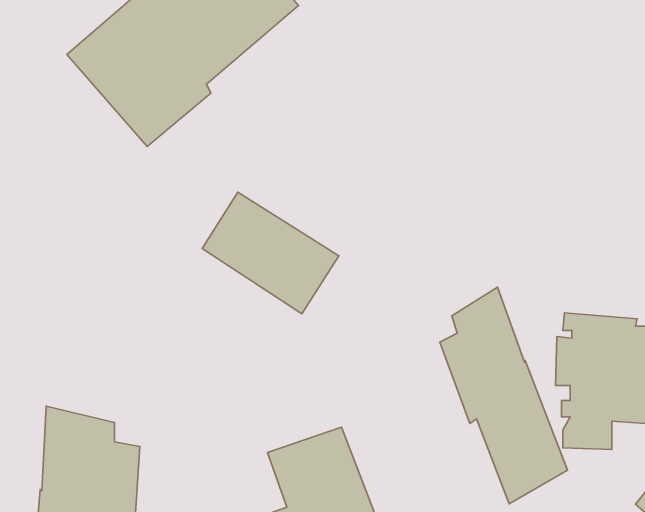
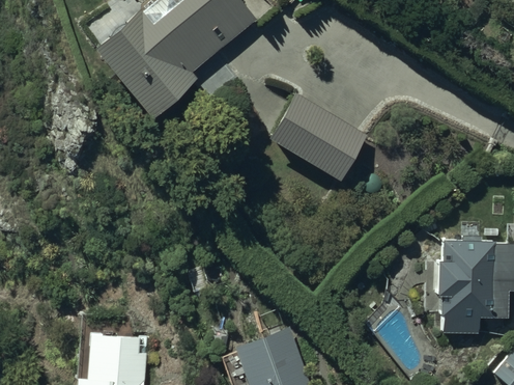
building: [202,192,339,314] -> [269,97,365,182]
building: [440,287,568,504] -> none

